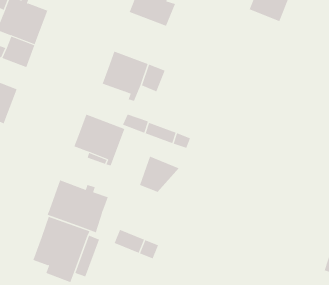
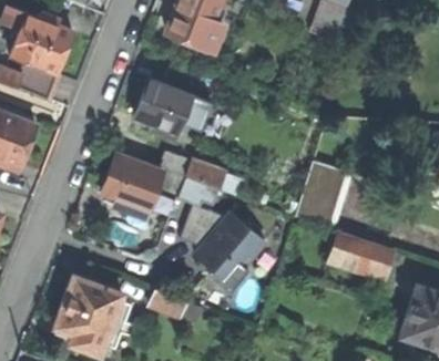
building: none -> [294,164,346,230]
building: none -> [195,213,265,291]
building: [47,179,108,233] -> none
building: none -> [328,236,392,283]

